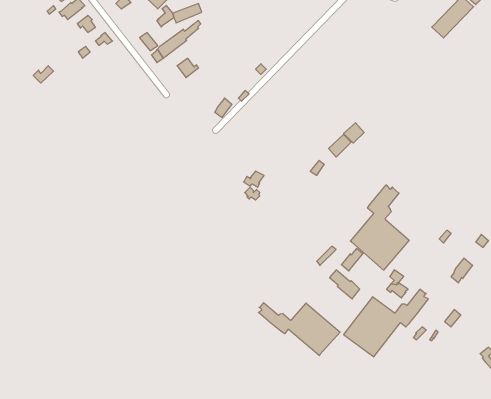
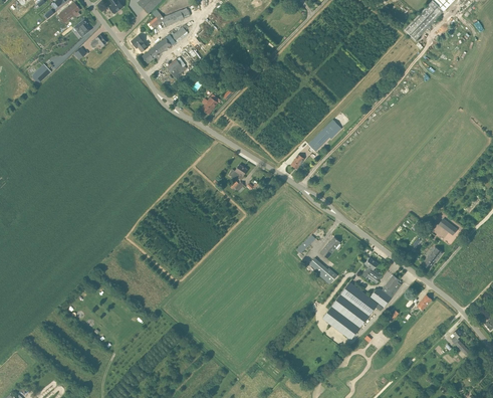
building: [350,185,409,270] -> none
building: [258,303,340,356] -> none

